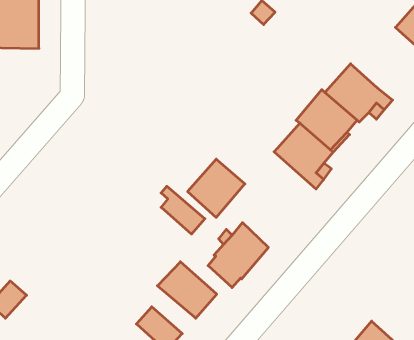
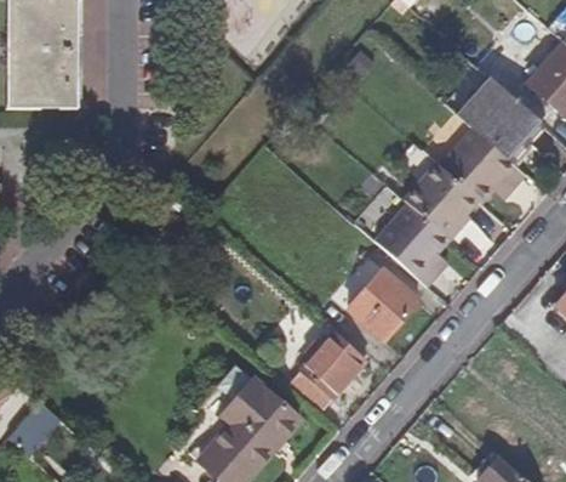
building: none -> [458,76,541,158]
building: [188,159,245,217] -> [348,267,421,341]
building: [161,186,205,234] -> [221,409,276,470]

